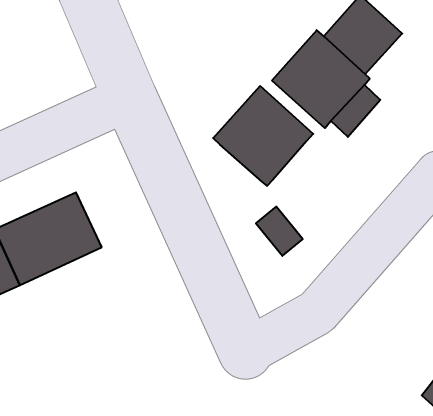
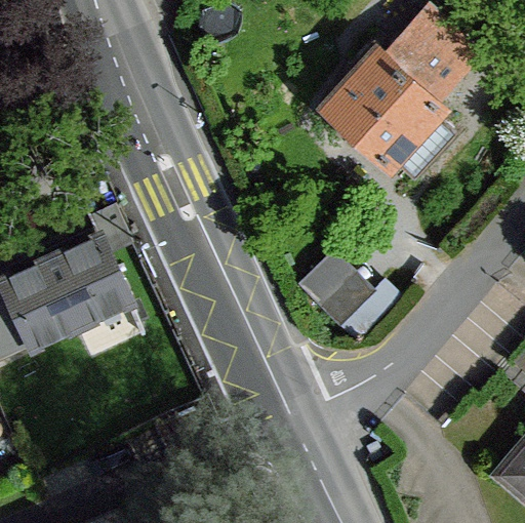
building: [213,86,313,186] -> none

